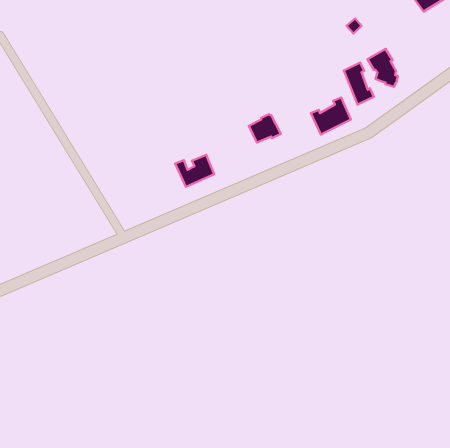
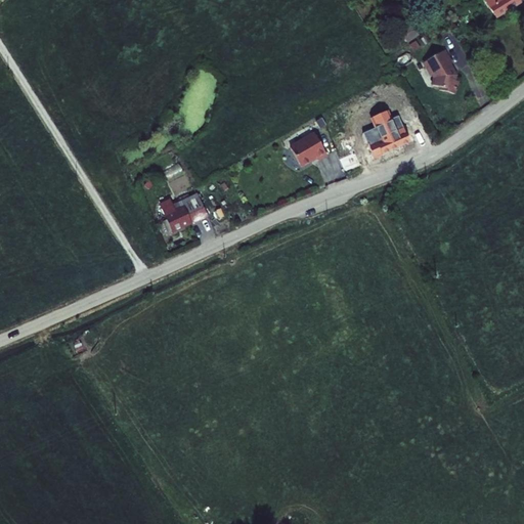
building: [344,62,374,104] -> none
building: [175,155,214,187] -> [157,189,202,226]

